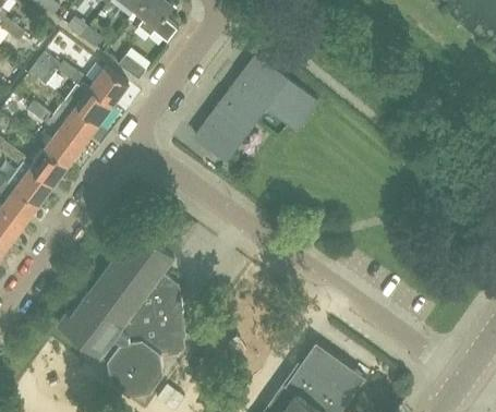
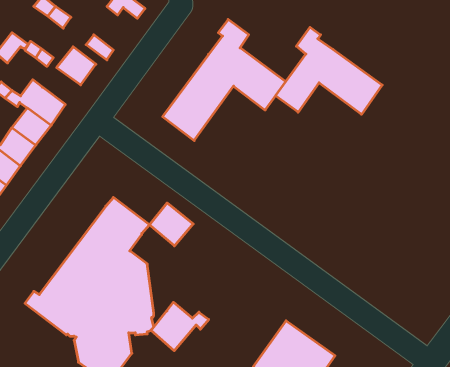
building: none -> [276,27,382,114]
building: [74,90,112,128] -> none
building: none -> [149,203,193,246]
building: none -> [151,302,209,351]

